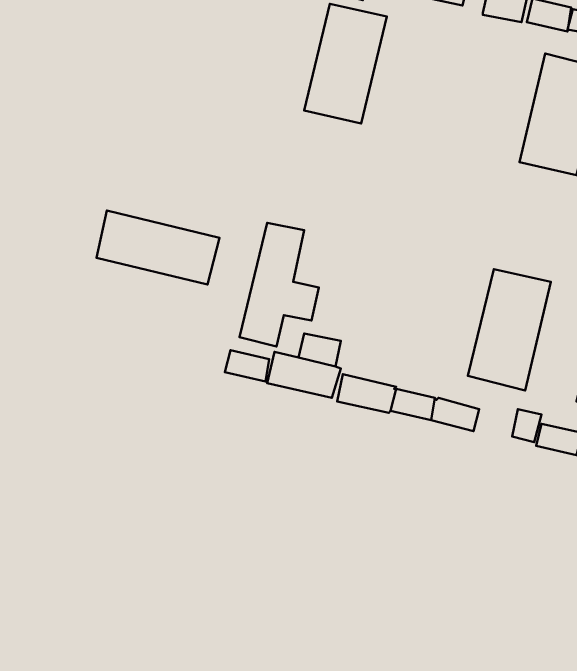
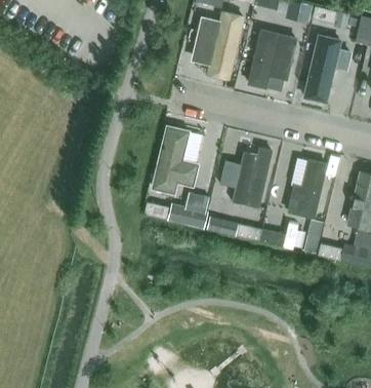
building: none -> [249,22,295,89]
building: [97,211,219,284] -> none
building: none -> [220,142,266,209]

